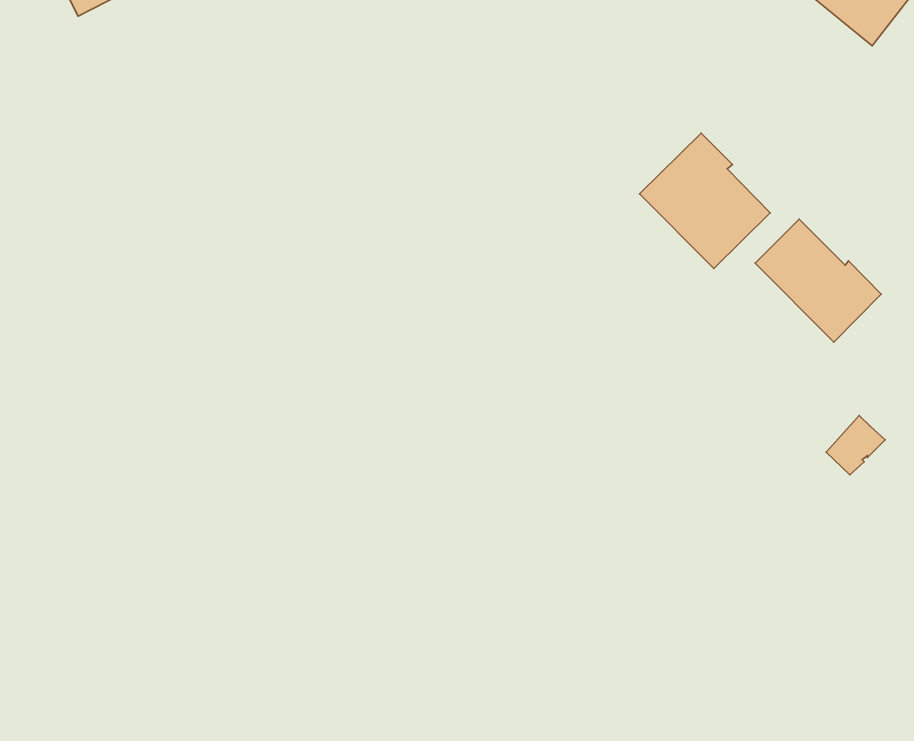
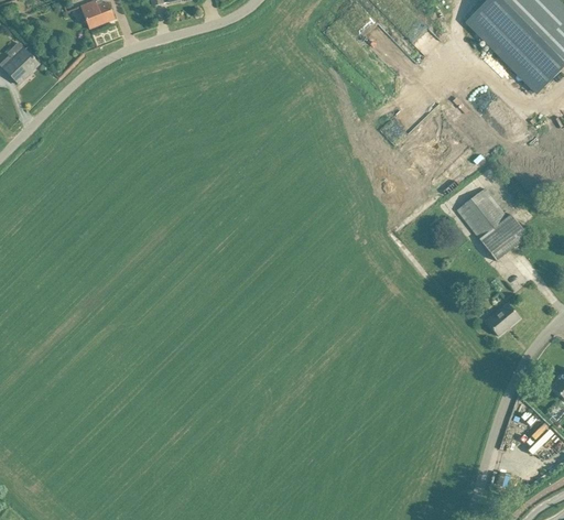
building: [639,133,770,269] -> none

